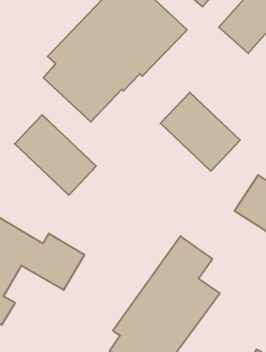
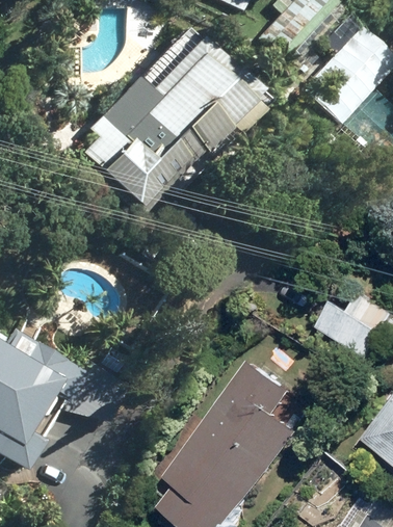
building: [160,92,240,171] -> none
building: [15,115,96,195] -> none

